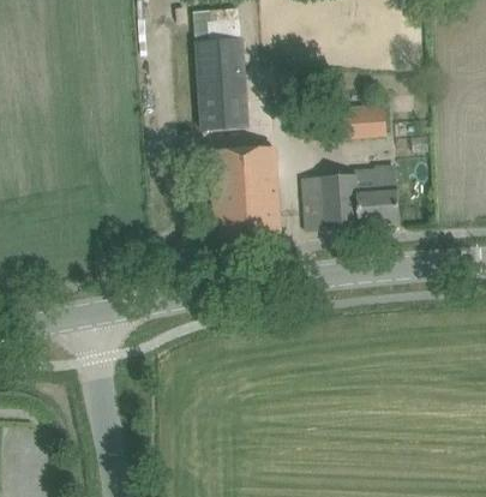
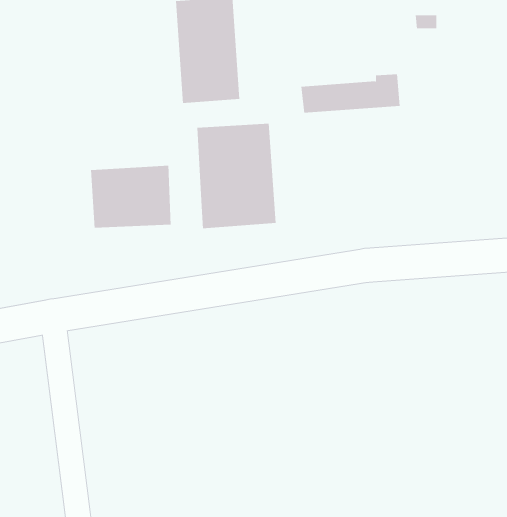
building: [304,167,401,229] -> none
building: none -> [91,165,171,229]

